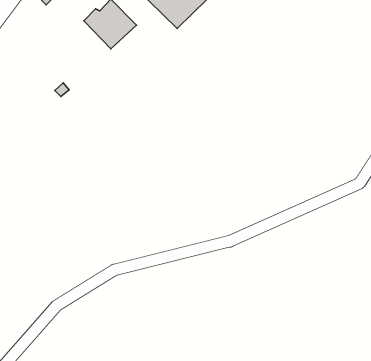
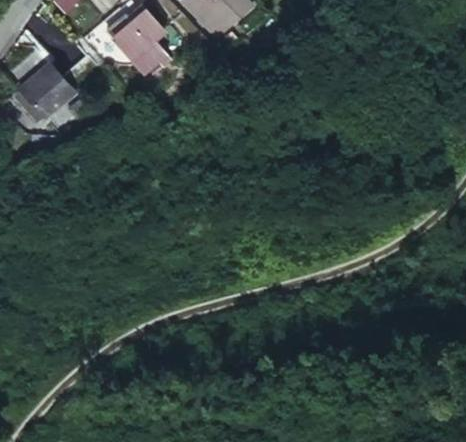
building: none -> [15,61,76,122]

